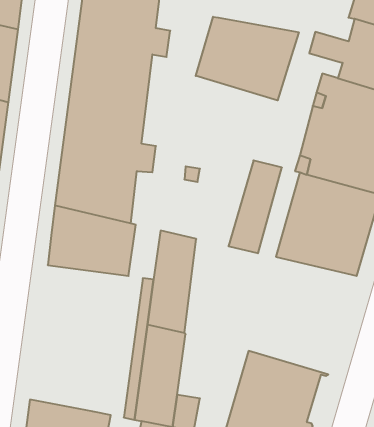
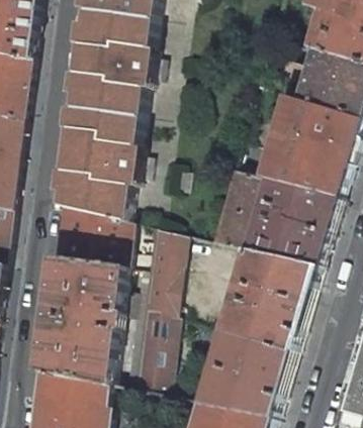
building: [196,17,299,100] -> none
building: none -> [224,250,316,350]
building: none -> [38,257,122,385]

